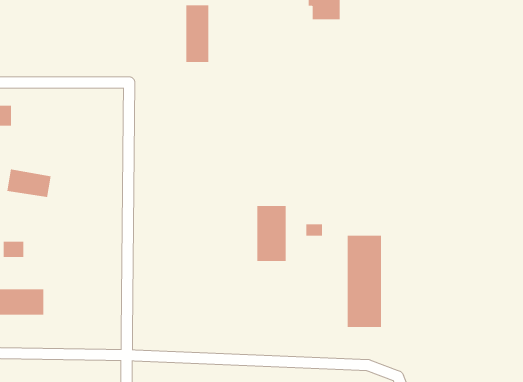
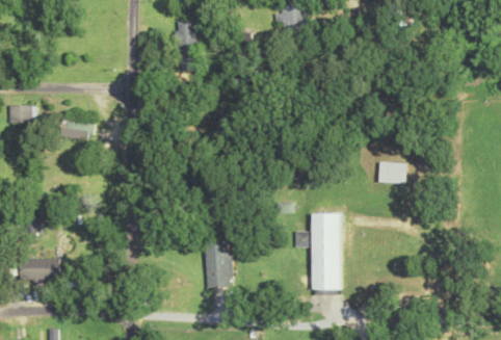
building: [6,169,51,198] -> [58,117,96,141]
building: none -> [377,162,404,183]
building: [256,205,286,262] -> [205,241,230,288]

